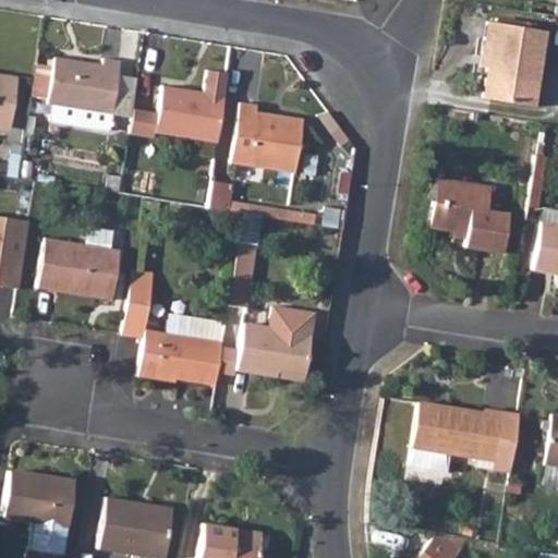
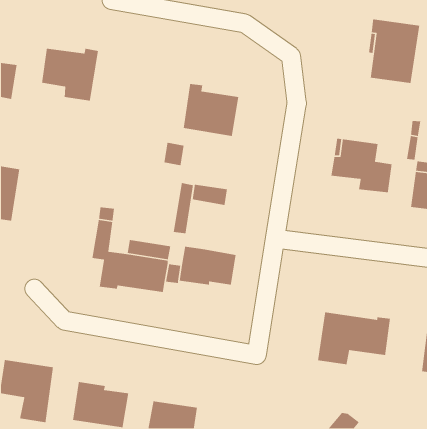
building: [137,76,235,148] -> none
building: [37,225,118,296] -> none
building: [266,302,313,330] -> [192,184,228,206]

